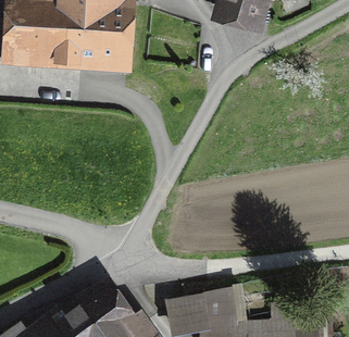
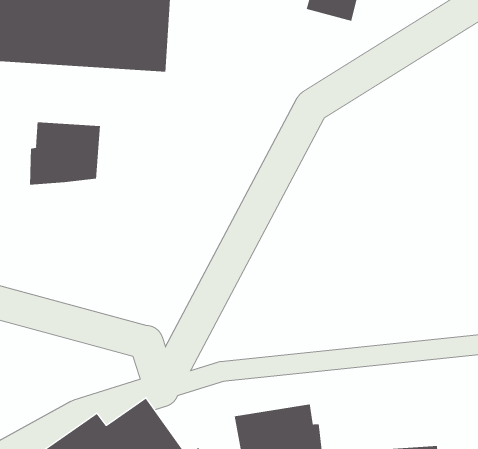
building: none -> [29,121,101,185]

